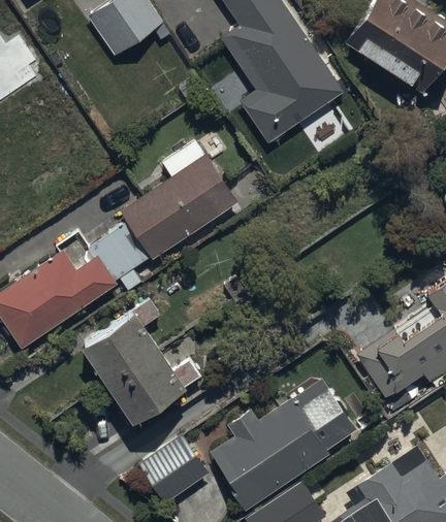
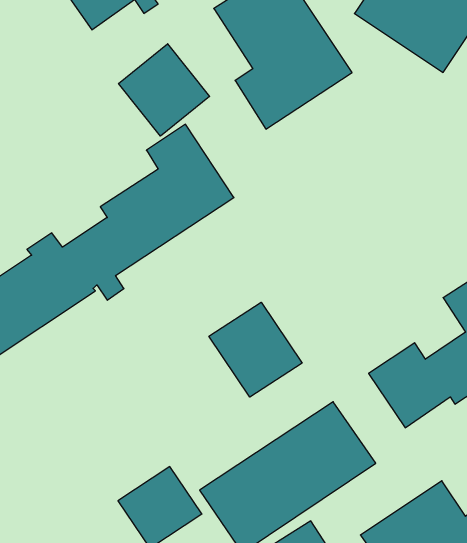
building: none -> [119,44,210,136]
building: none -> [209,302,302,397]
building: [78,308,187,424] -> none

